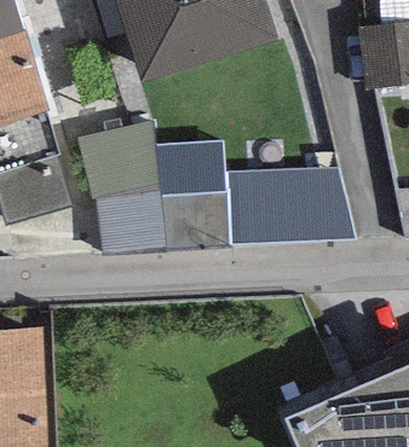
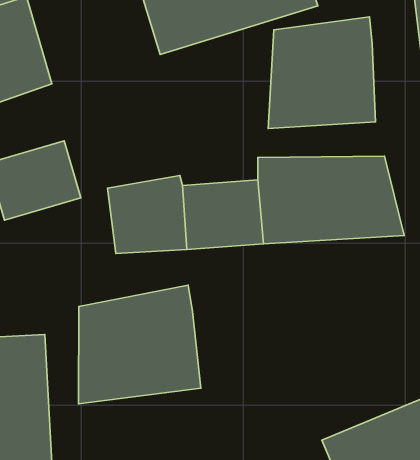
building: none -> [268,17,375,128]
building: [77,120,157,196] -> none
building: none -> [78,285,201,404]

